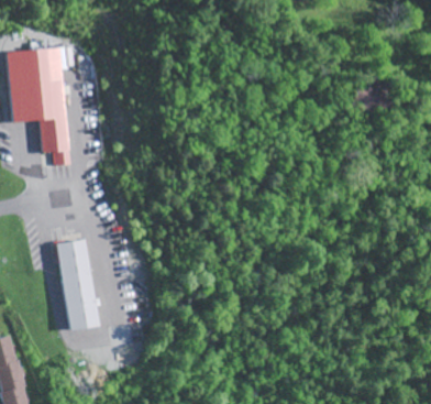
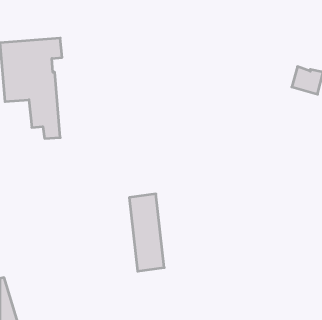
building: [55,239,97,331] -> [129,194,164,271]

